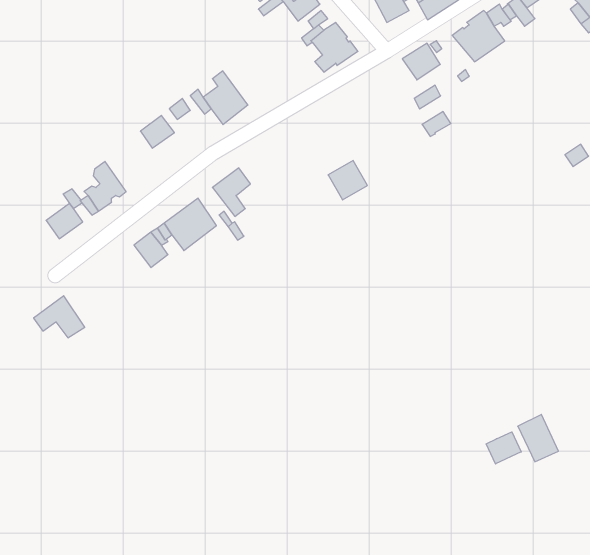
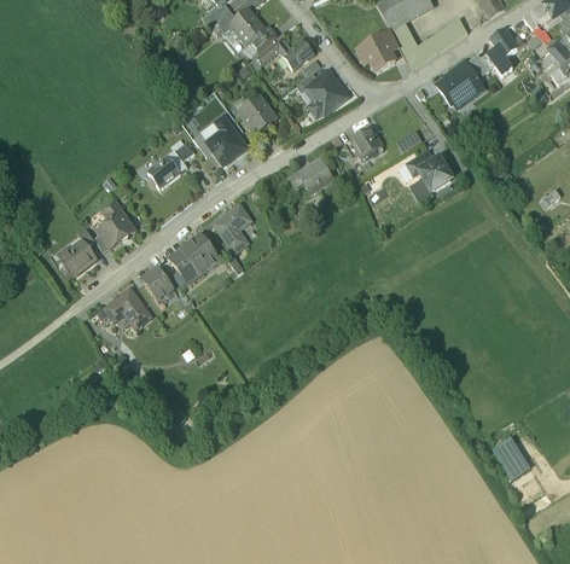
building: [402,43,440,80] -> [348,127,383,161]
building: none -> [238,97,274,134]
building: none -> [419,161,450,192]
building: [328,161,367,200] -> [297,157,333,193]
building: [34,296,85,338] -> [103,284,150,322]
building: [486,432,521,464] -> none

